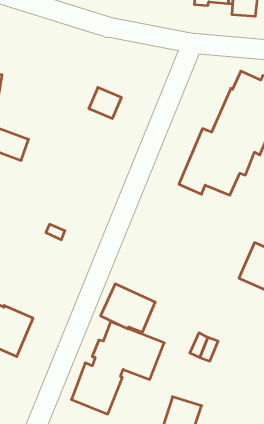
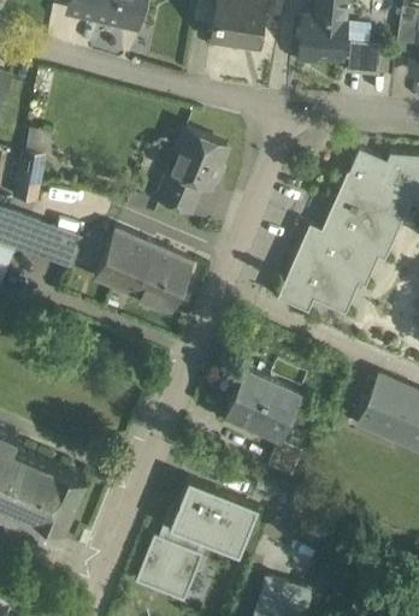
building: none -> [167,129,228,188]
building: none -> [95,229,194,313]
building: [101,284,155,332] -> [226,371,299,434]
building: none -> [268,442,303,476]

